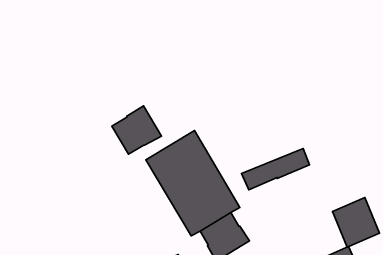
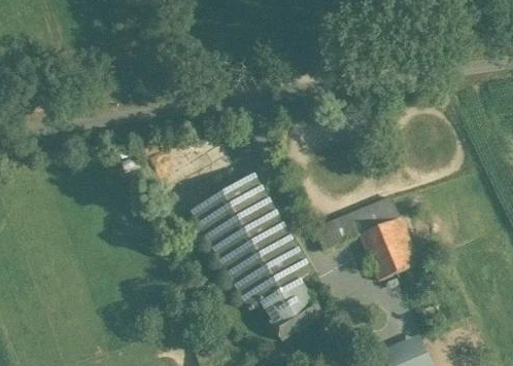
building: [112,106,161,154] -> none
building: [333,198,380,247] -> [358,217,418,280]

